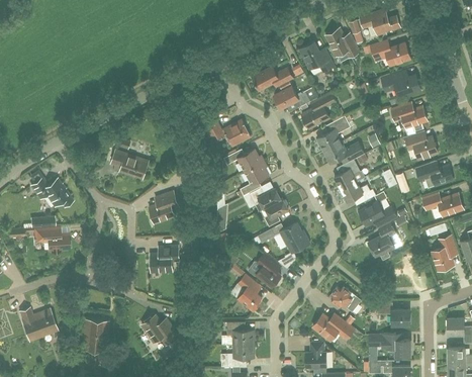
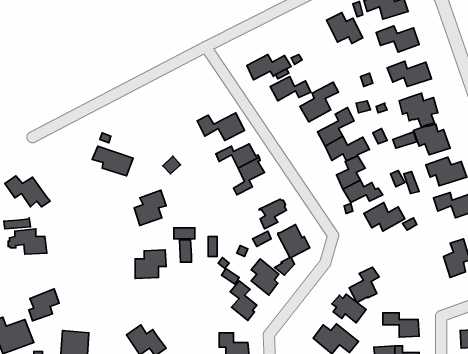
building: [298,40,333,71] -> none
building: [244,186,282,207] -> none
building: [368,222,395,255] -> [349,267,379,302]
building: none -> [29,289,59,321]

